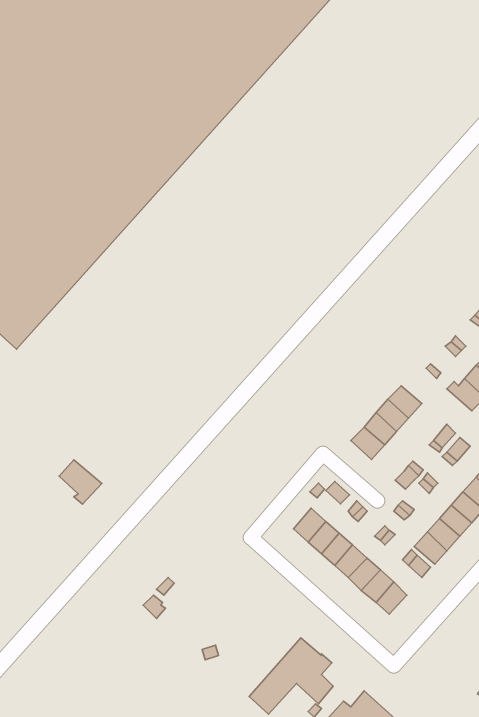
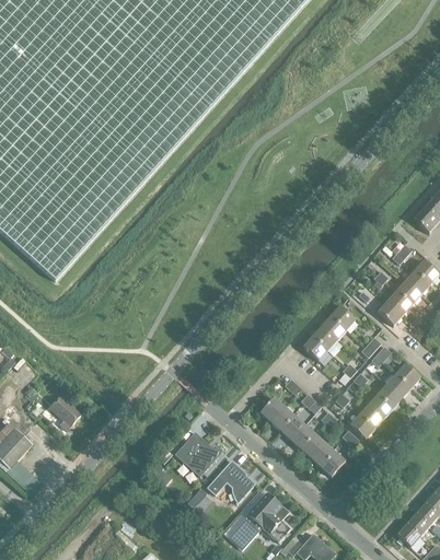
building: [59,460,102,504] -> [50,395,82,428]
building: none -> [184,432,222,476]
building: none -> [209,459,255,497]

